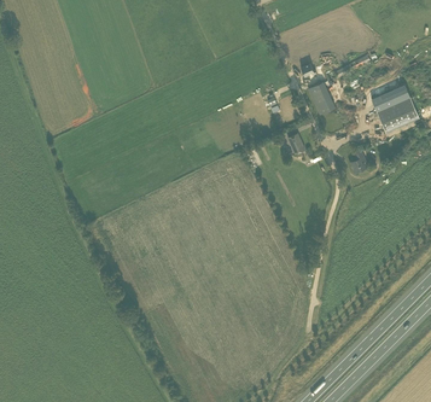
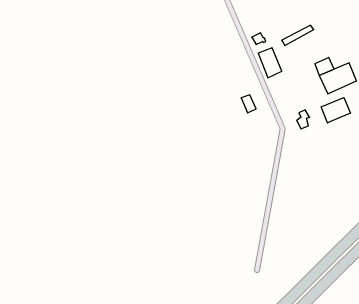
building: none -> [321,98,351,123]

